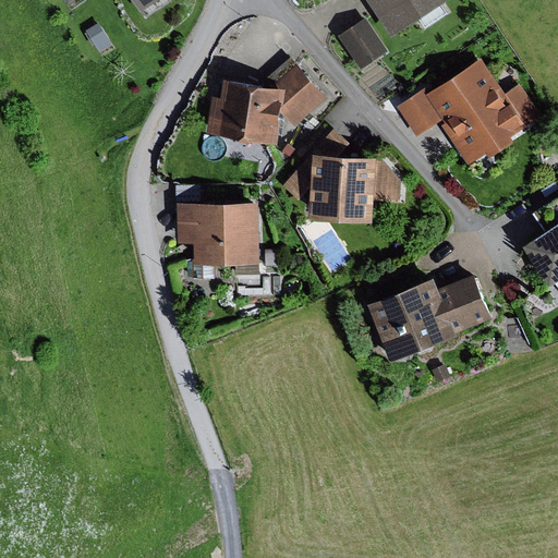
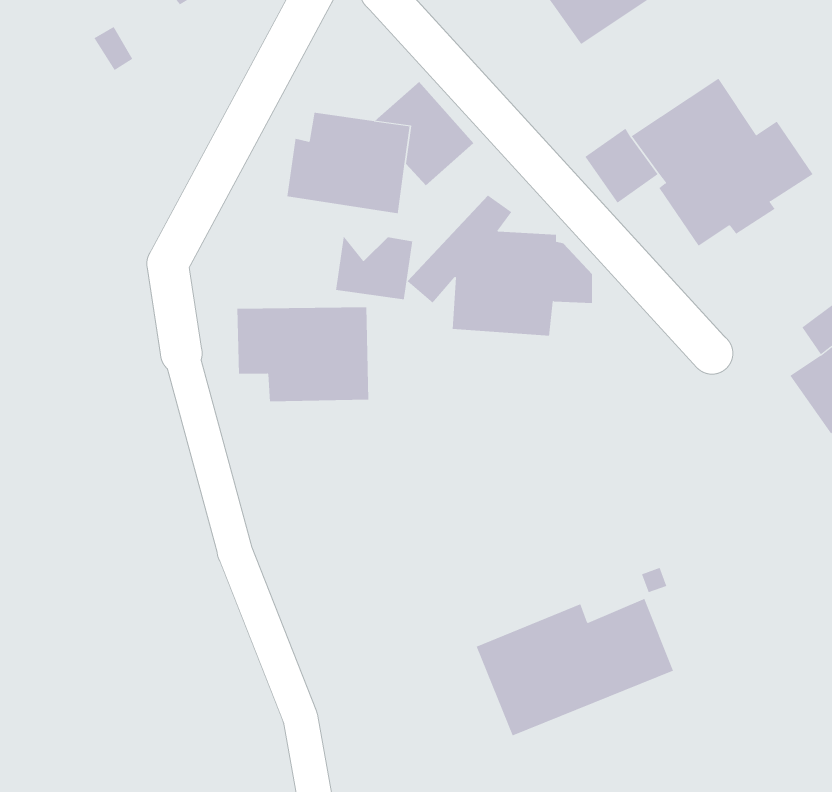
building: [339,21,387,70] -> none
building: none -> [336,235,413,300]
building: [368,275,494,362] -> [476,598,674,736]

